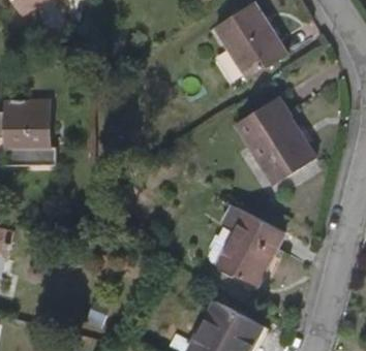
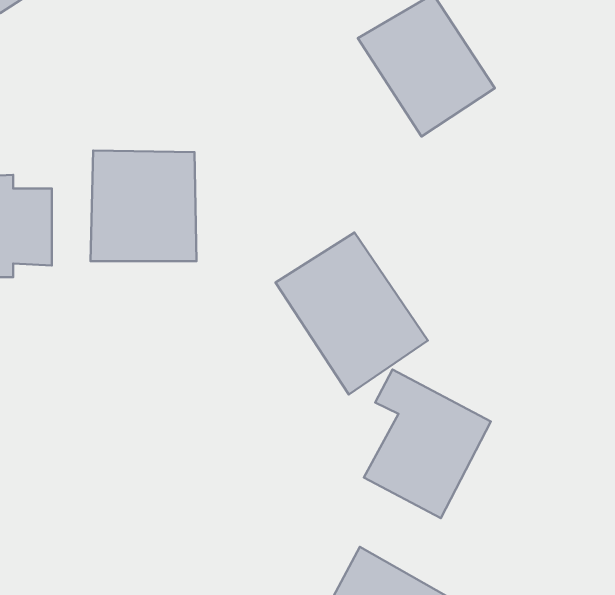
building: none -> [91,150,197,261]
building: [235,98,316,185] -> [276,232,428,394]

